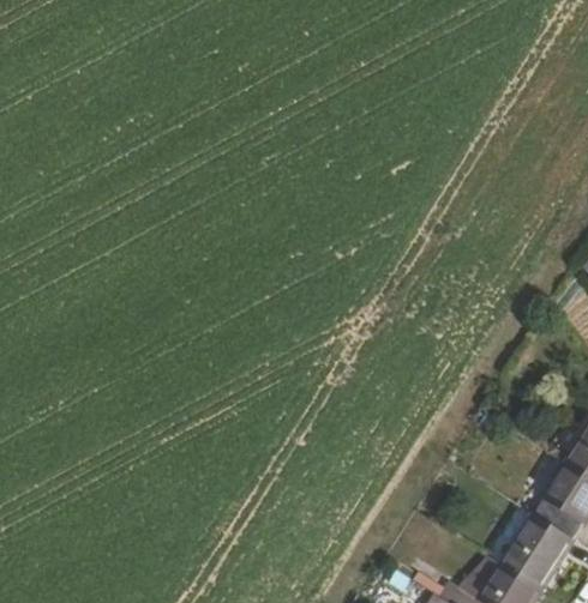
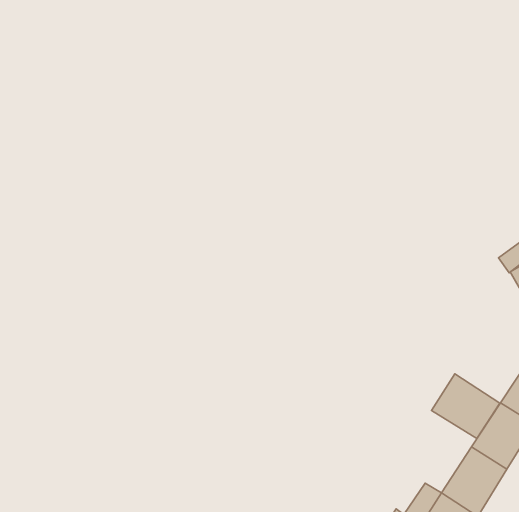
building: none -> [431,374,500,438]

